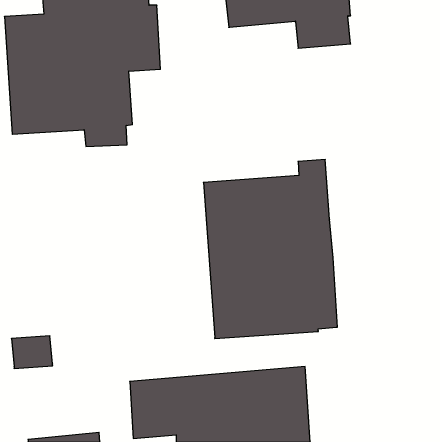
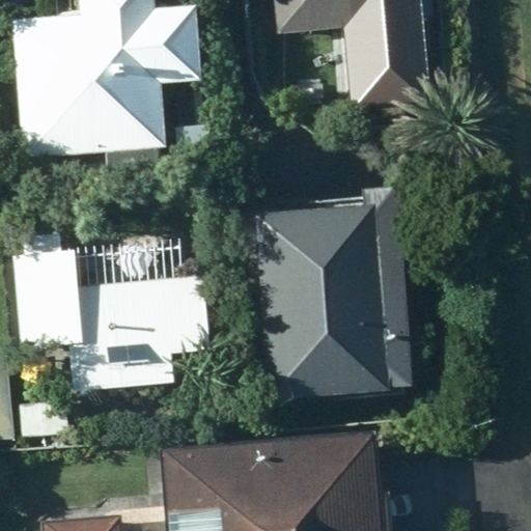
building: none -> [16,231,209,391]

